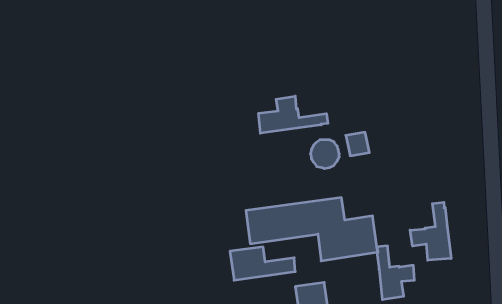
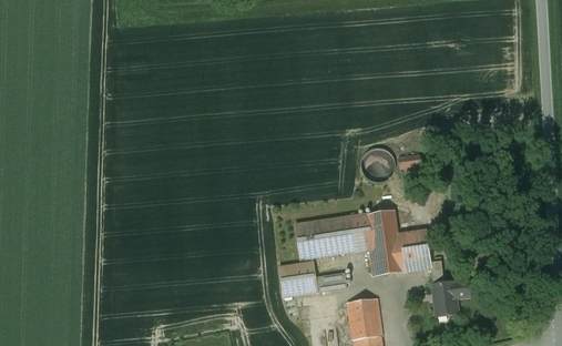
building: [259,96,328,133] -> none
building: [410,202,451,260] -> none

